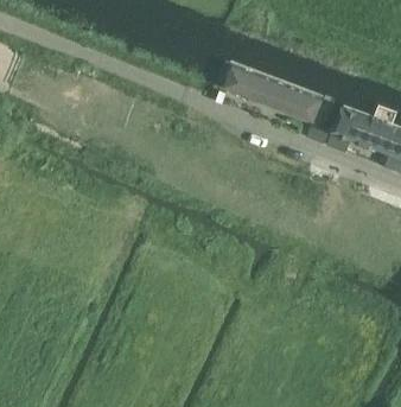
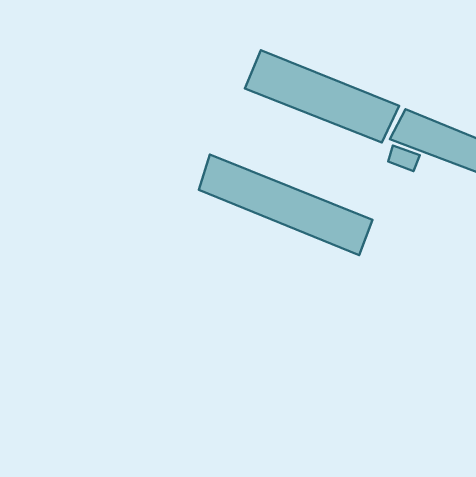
building: none -> [199,154,373,255]

